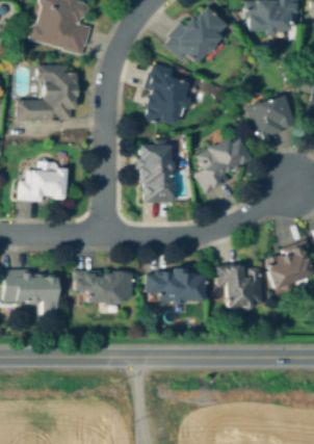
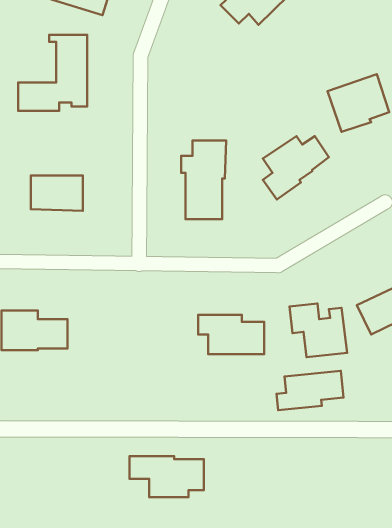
building: [142,67,182,125] -> none
building: [77,271,132,302] -> [129,456,204,497]
building: none -> [276,371,344,410]

